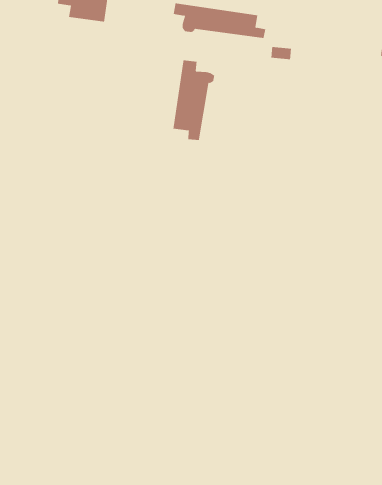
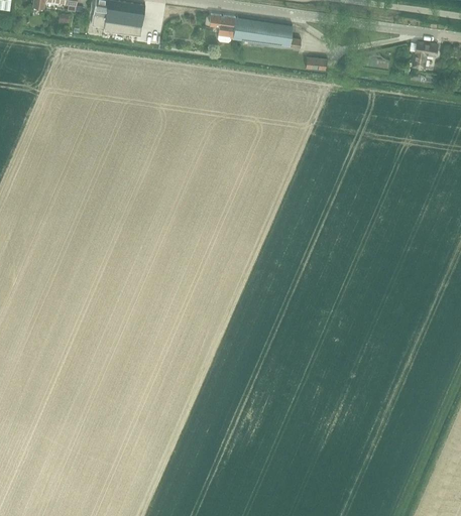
building: [173,60,215,141] -> none

